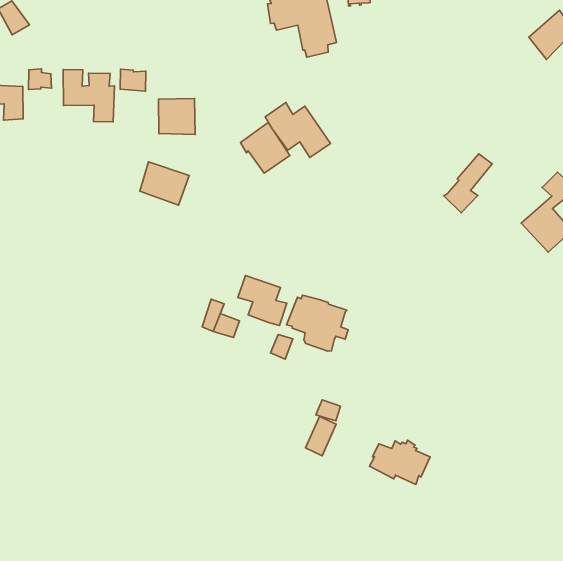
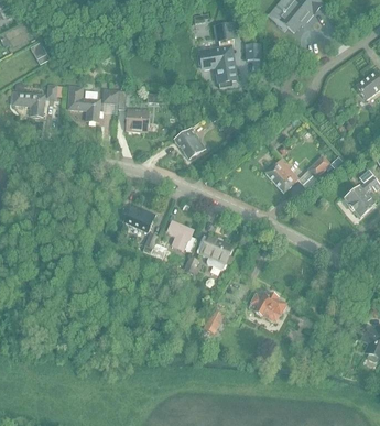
building: [265,103,331,158] -> none
building: [140,162,189,205] -> [126,204,156,231]
building: none -> [265,159,300,192]
building: [370,440,430,485] -> [248,293,285,320]

